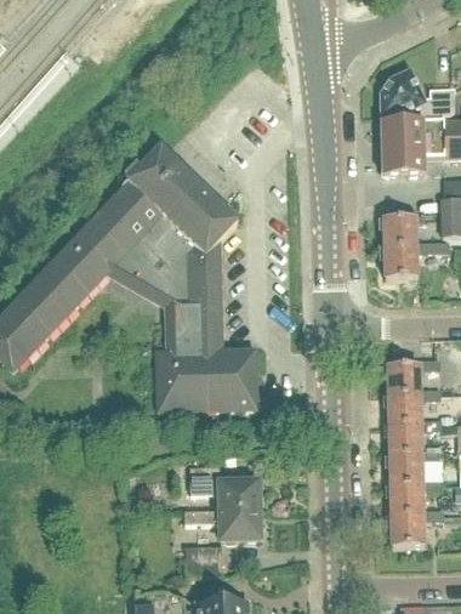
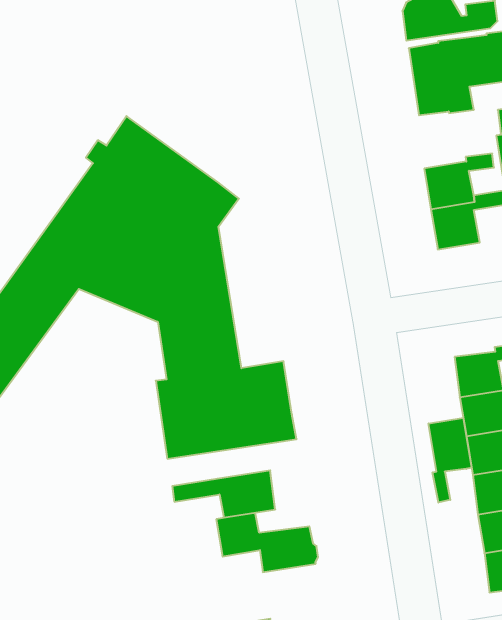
building: none -> [429,418,471,503]
building: [184,506,261,538] -> [172,470,275,518]

